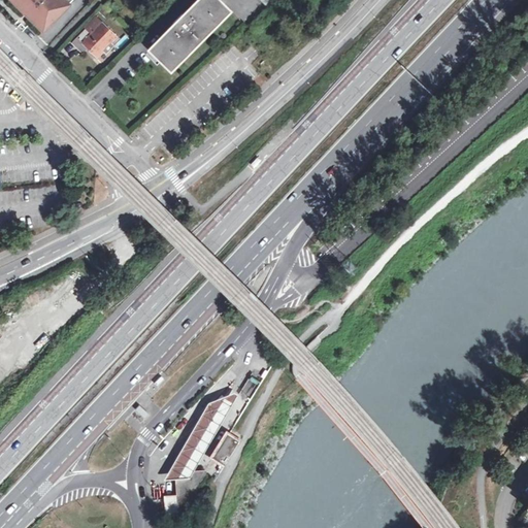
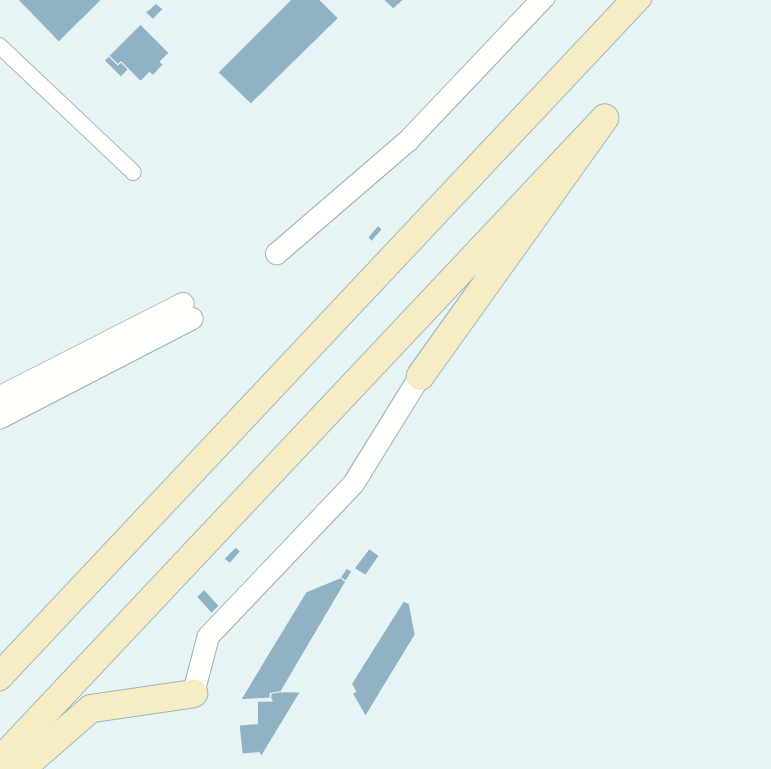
building: none -> [352,601,415,716]

